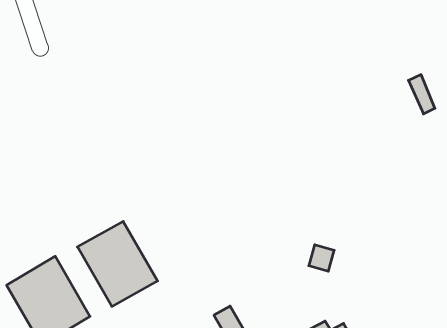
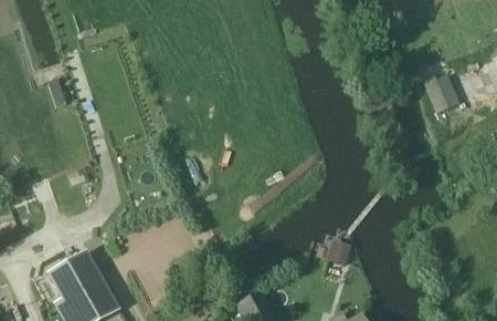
building: [77,221,158,306] -> none

